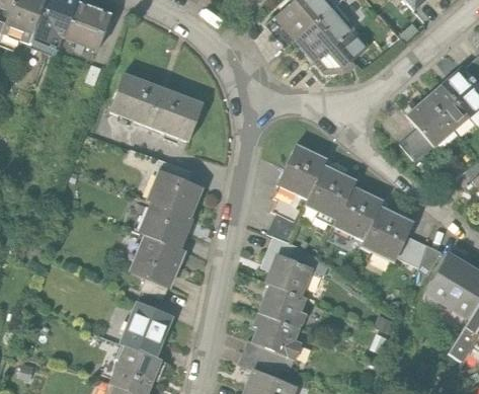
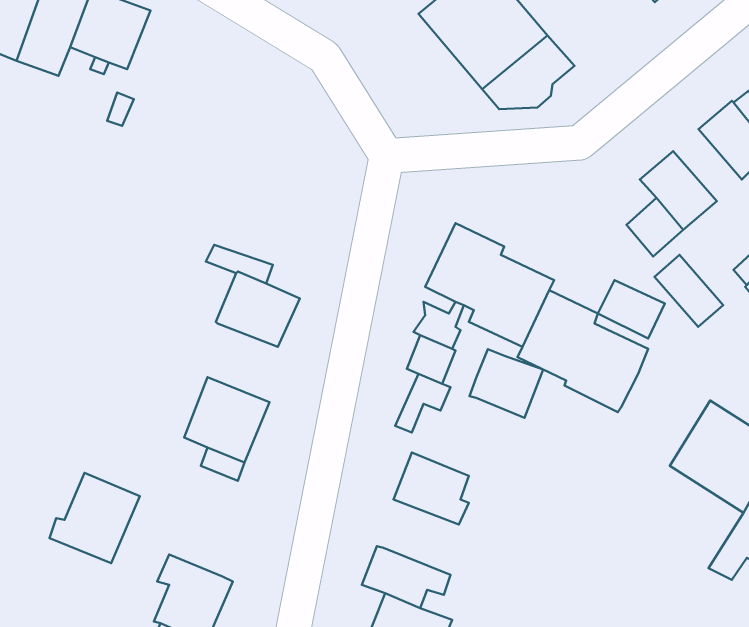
building: [110,74,204,146] -> none
building: [427,86,469,130] -> [655,255,723,327]
building: [140,204,190,249] -> none
building: [396,234,436,269] -> [598,280,665,339]
building: [265,252,310,294] -> [469,349,543,418]
building: [117,302,172,357] -> [49,473,140,563]
building: [252,310,299,356] -> none

